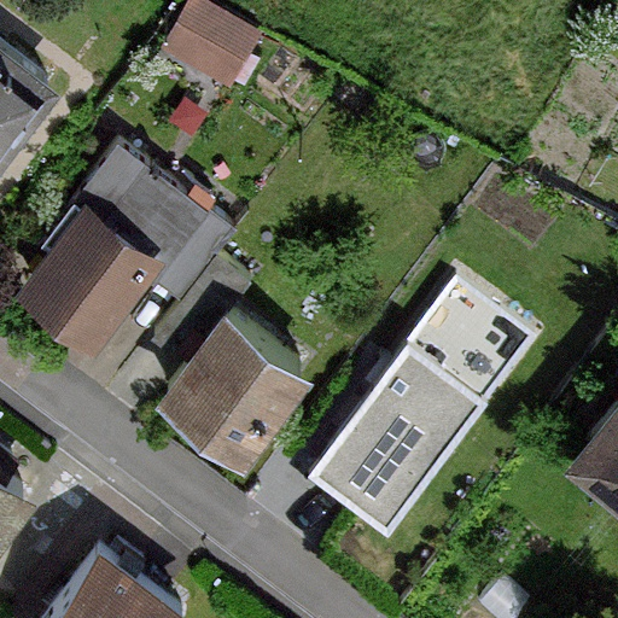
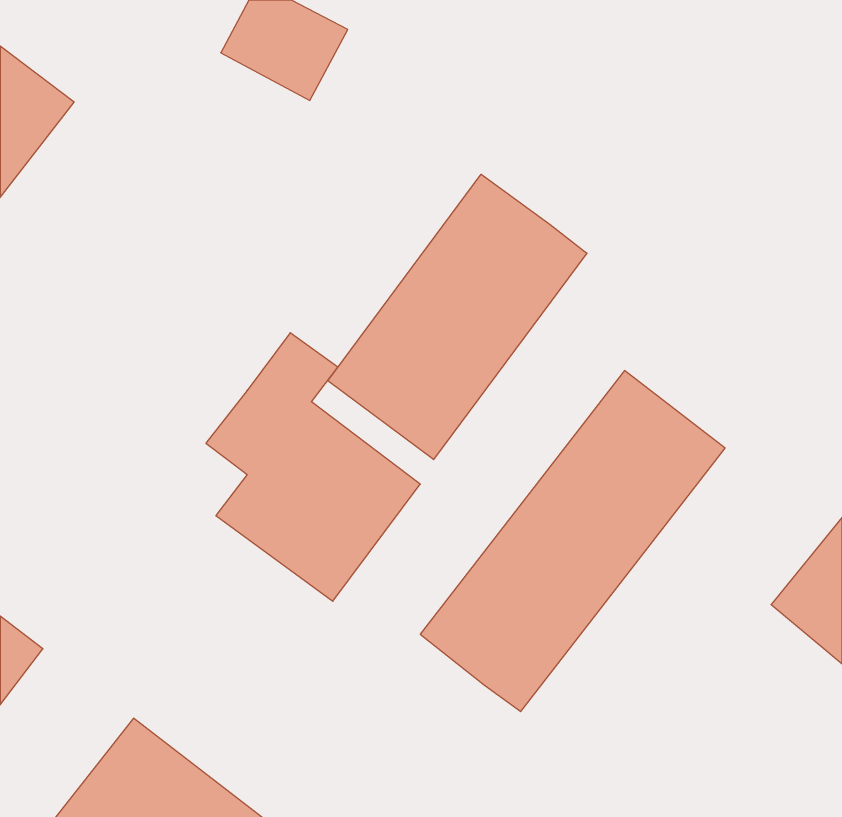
building: none -> [328,174,587,460]
building: [13,150,228,348] -> none

